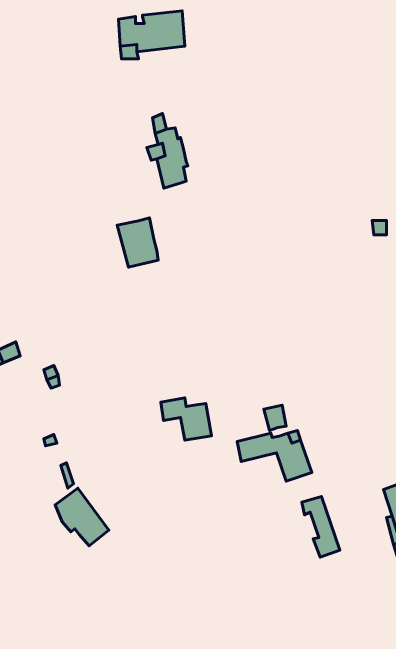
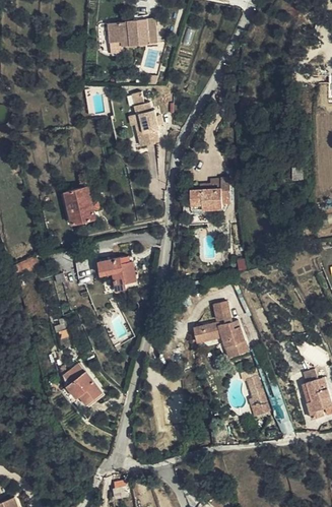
building: [117,218,158,267] -> [64,188,93,224]
building: none -> [190,179,228,209]
building: [161,398,212,440] -> [98,259,135,290]

